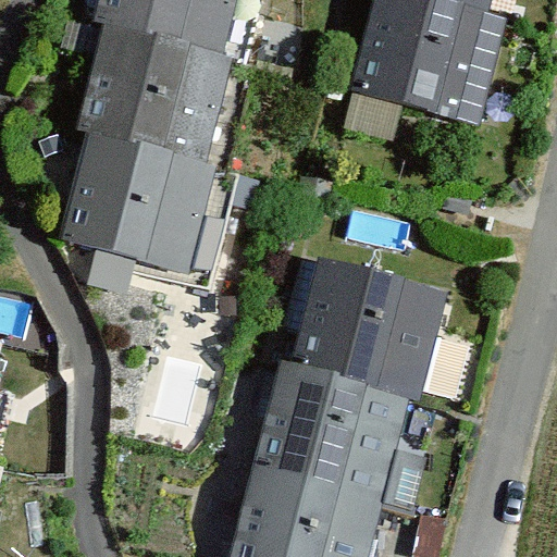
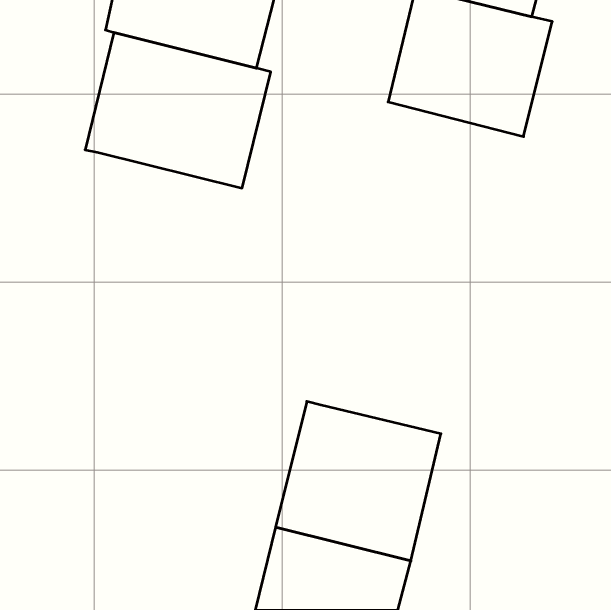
building: [62,138,233,278] -> none
building: [292,263,441,398] -> none

